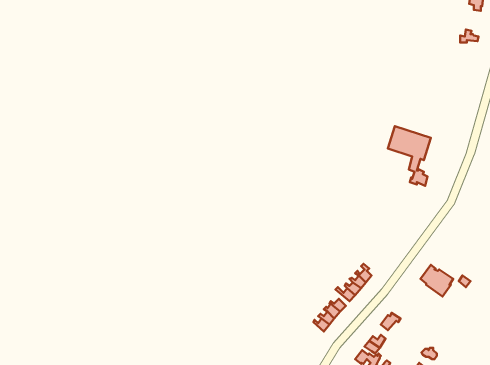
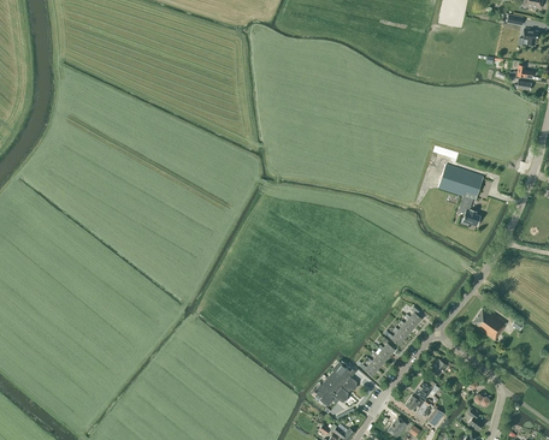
building: none -> [314,359,356,405]

